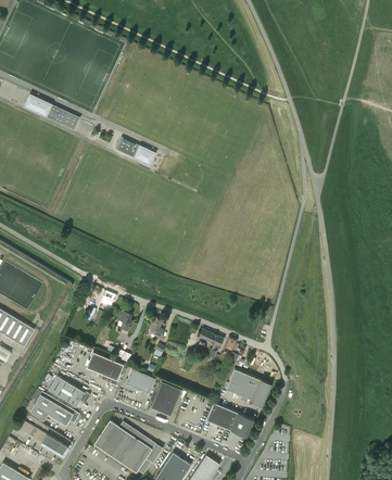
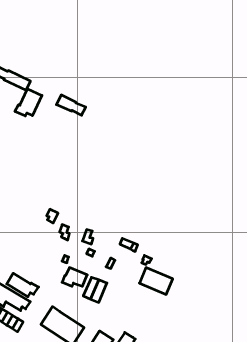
building: none -> [15,89,42,116]
building: [87,352,124,386] -> none
building: [206,403,254,437] -> none

